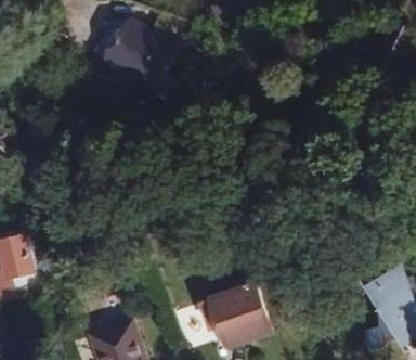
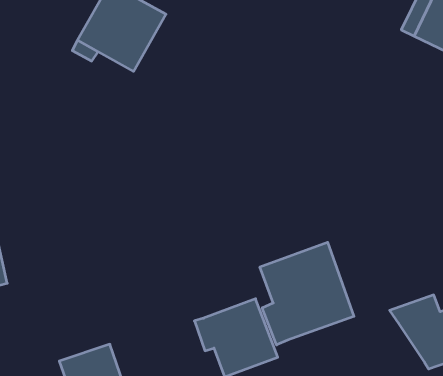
building: none -> [260,242,354,345]

